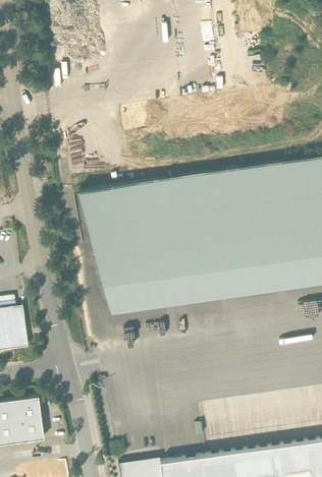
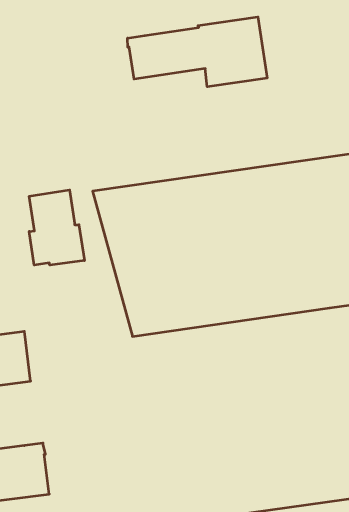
building: none -> [128,17,267,87]
building: none -> [29,190,84,265]

